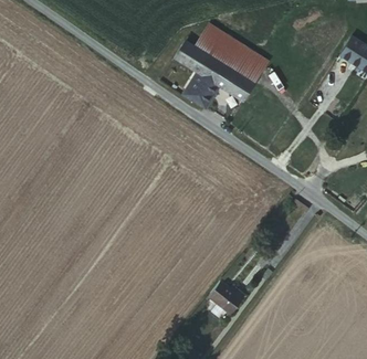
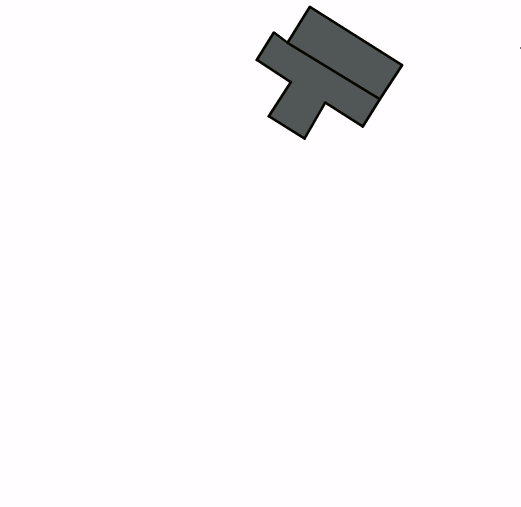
building: [206,283,243,315] -> none

